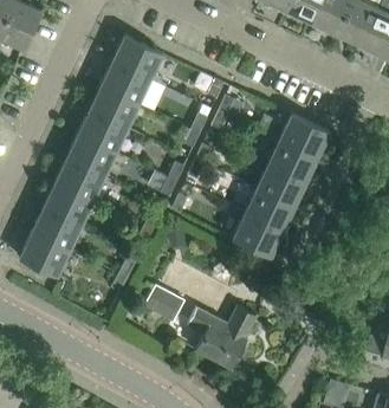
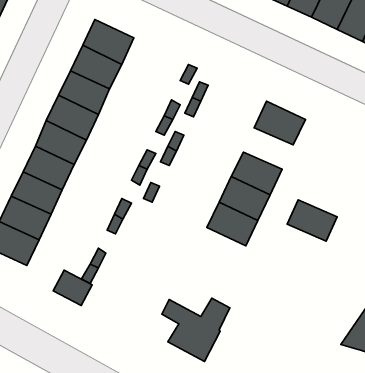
building: [268,142,317,182] -> [287,200,337,241]
building: [147,287,184,322] -> [53,270,92,305]

